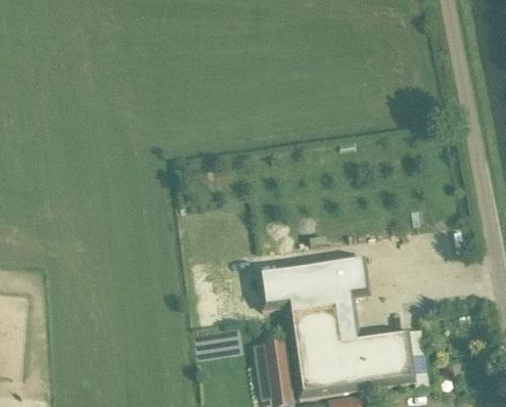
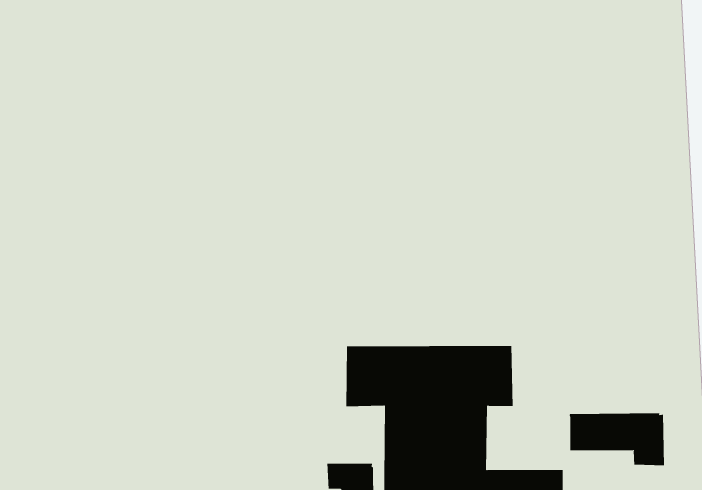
building: none -> [550,413,665,466]

